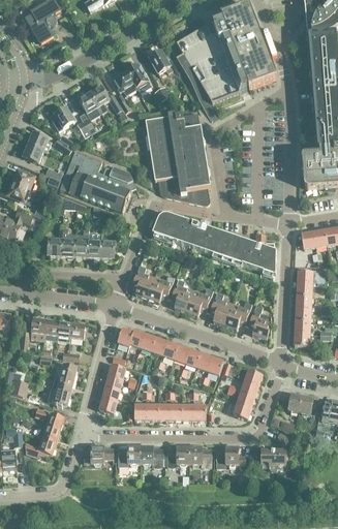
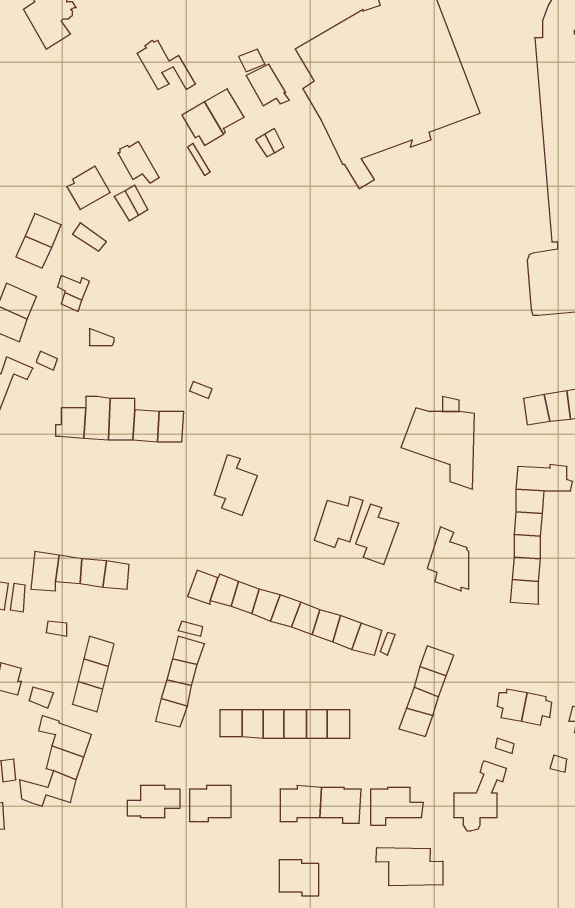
building: [90,86,122,113] -> [137,40,196,89]
building: [146,113,213,205] -> none
building: [68,149,135,213] -> none
building: [152,213,242,260] -> none
building: [147,274,174,302] -> none
building: [171,278,193,311] -> none
building: [224,301,252,329] -> none
building: [141,445,162,465] -> [279,860,319,896]
building: none -> [376,847,443,886]

